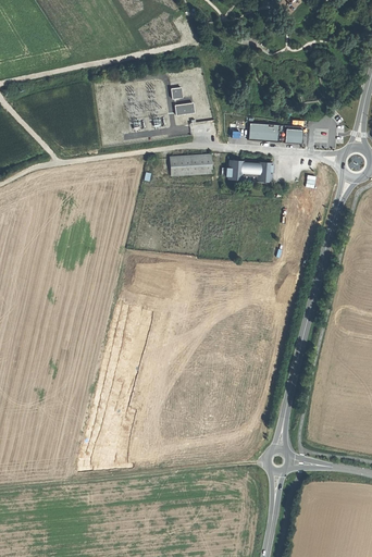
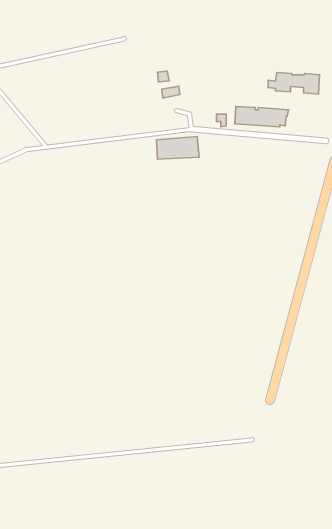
building: [222,160,274,182] -> [268,73,320,94]

